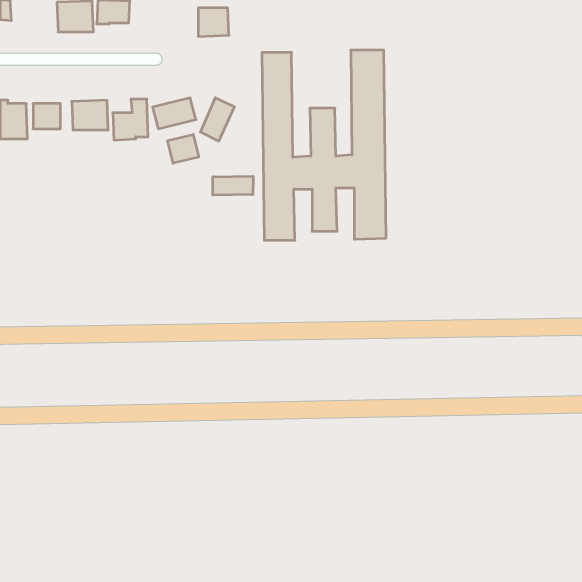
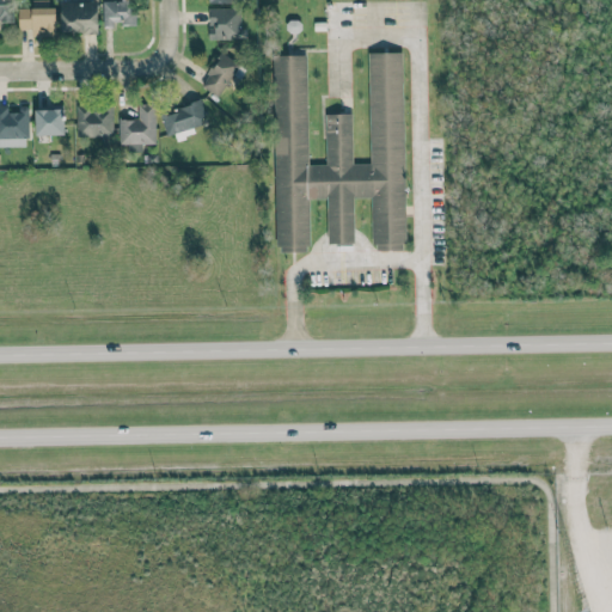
building: none -> [18,7,56,35]
building: [200,98,235,141] -> [202,51,238,97]
building: [168,134,199,163] -> none
building: [213,176,253,195] -> none

